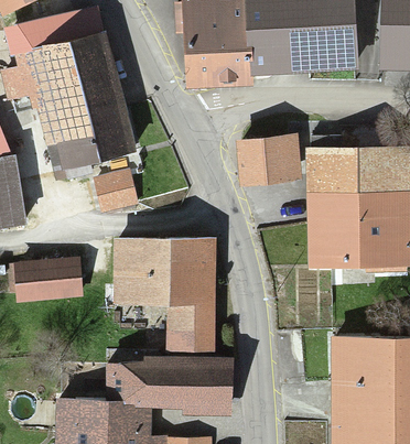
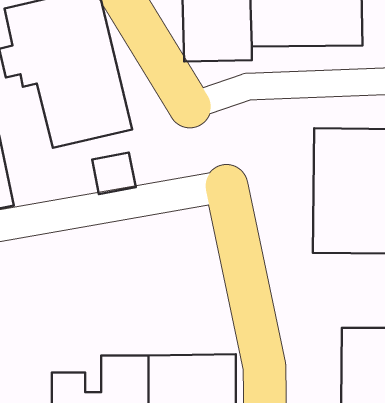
building: [237,138,300,182] -> none
building: [114,239,213,349] -> none
building: [19,258,86,300] -> none

